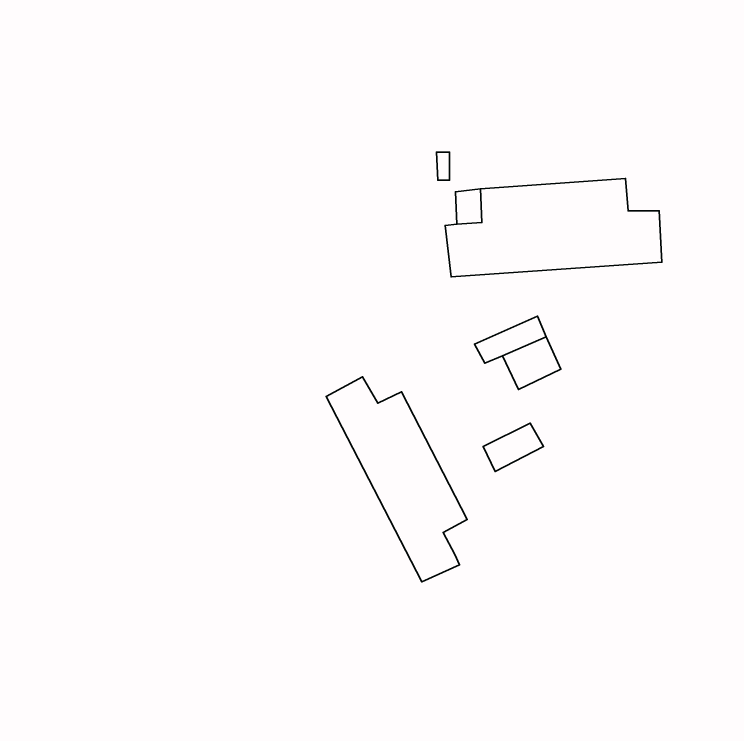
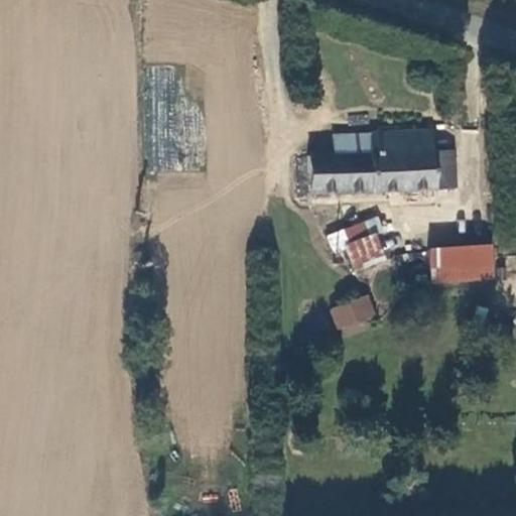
building: none -> [417,244,492,280]
building: [326,377,467,582] -> none

